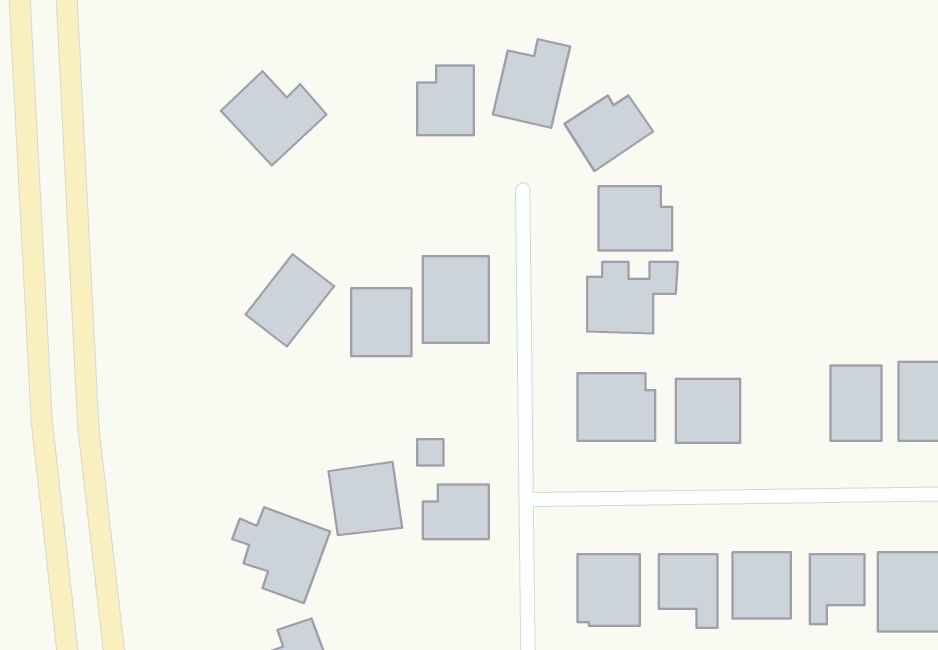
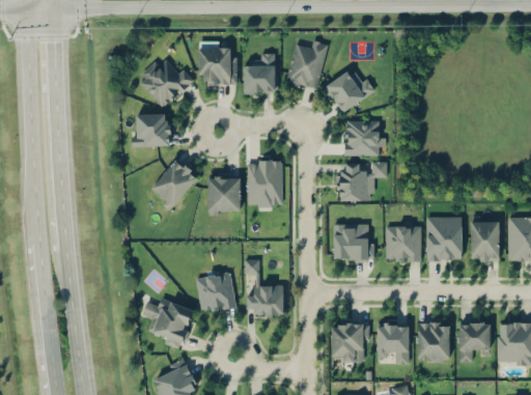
building: none -> [198,49,235,85]
building: none -> [133,114,169,146]
building: none -> [425,218,463,261]

